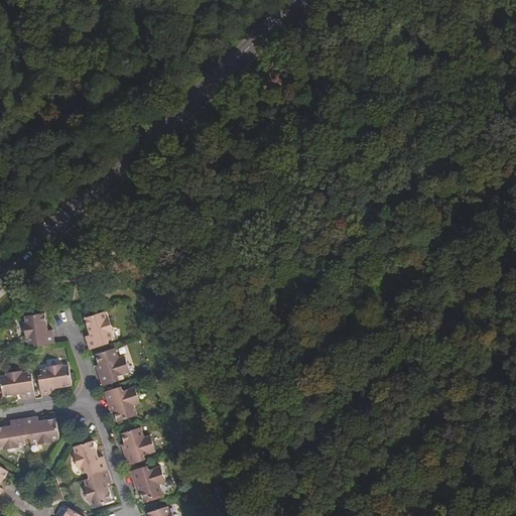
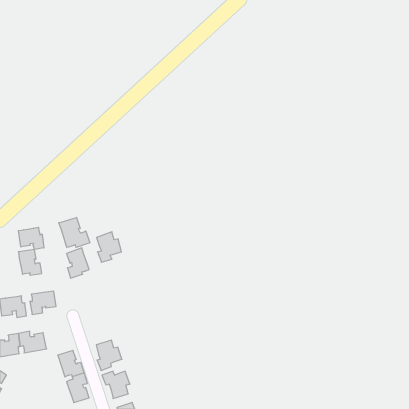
building: none -> [59,217,90,247]
building: none -> [18,227,44,249]
building: [95,348,126,386] -> [97,232,121,262]
building: [103,388,137,421] -> none

